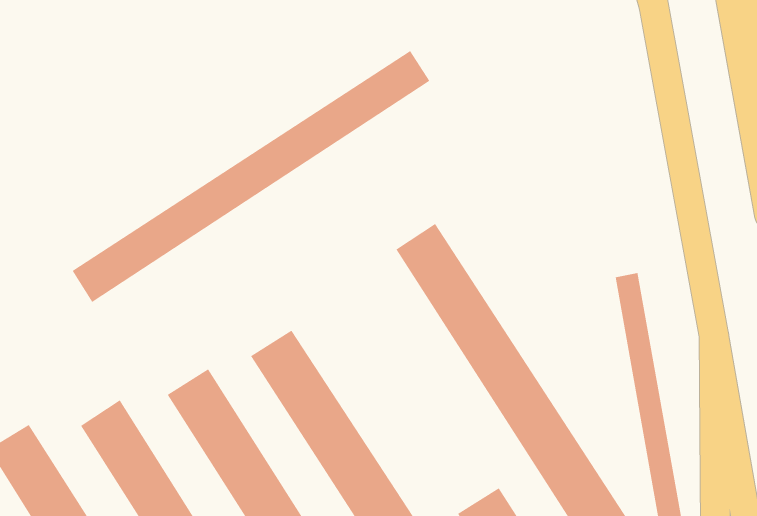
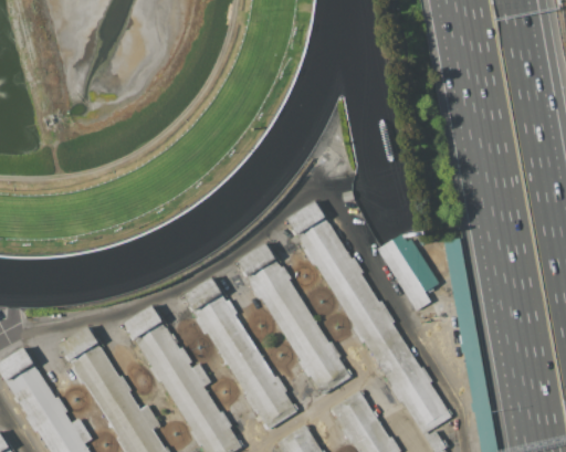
building: [72,50,430,303] -> none
building: none -> [378,233,439,311]
building: none -> [237,242,355,397]

